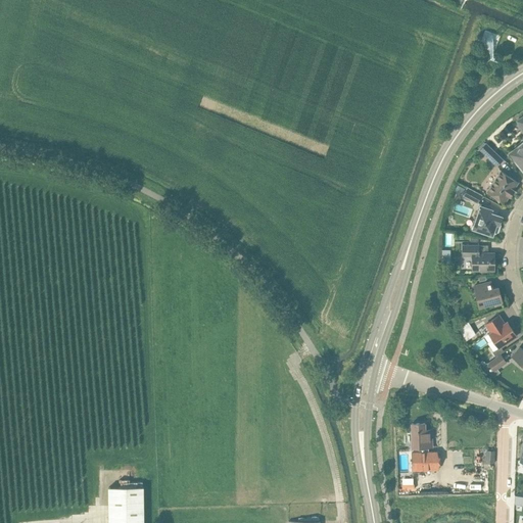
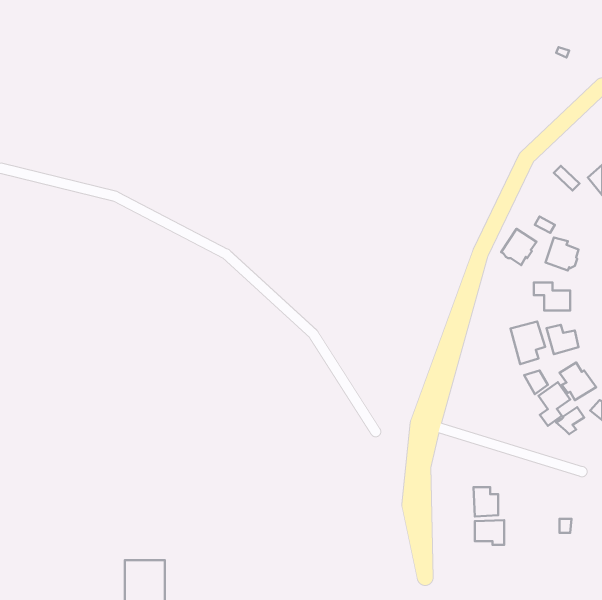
building: [487,172,518,203] -> [501,229,537,265]
building: none -> [510,321,545,364]
building: none -> [538,382,570,426]

